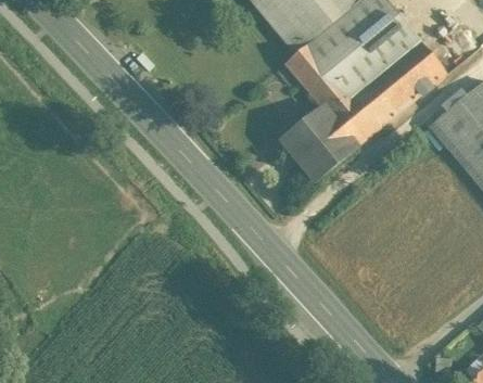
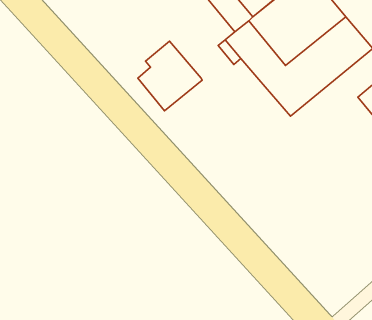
building: [287,106,357,182] -> [138,41,202,111]

